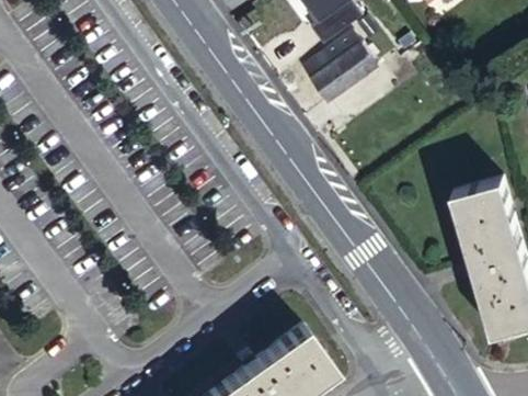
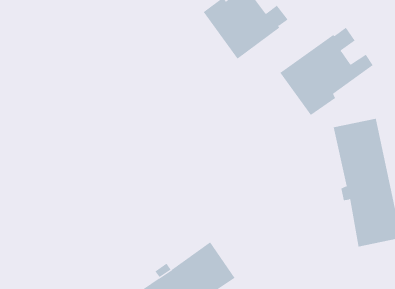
building: none -> [279,27,373,116]

